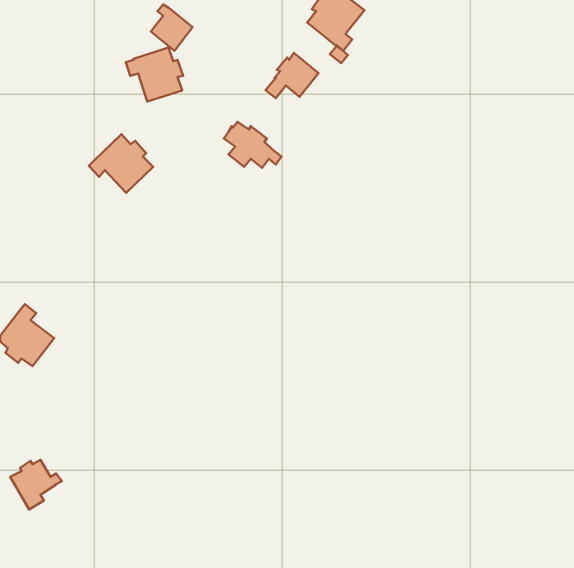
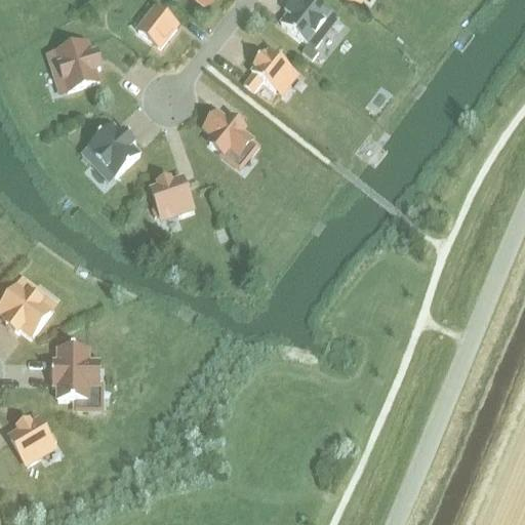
building: [126,48,183,102] -> [48,40,100,89]
building: none -> [152,176,193,214]
building: none -> [52,346,100,406]

